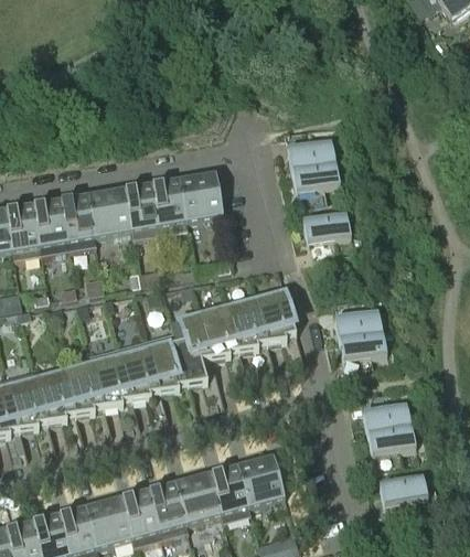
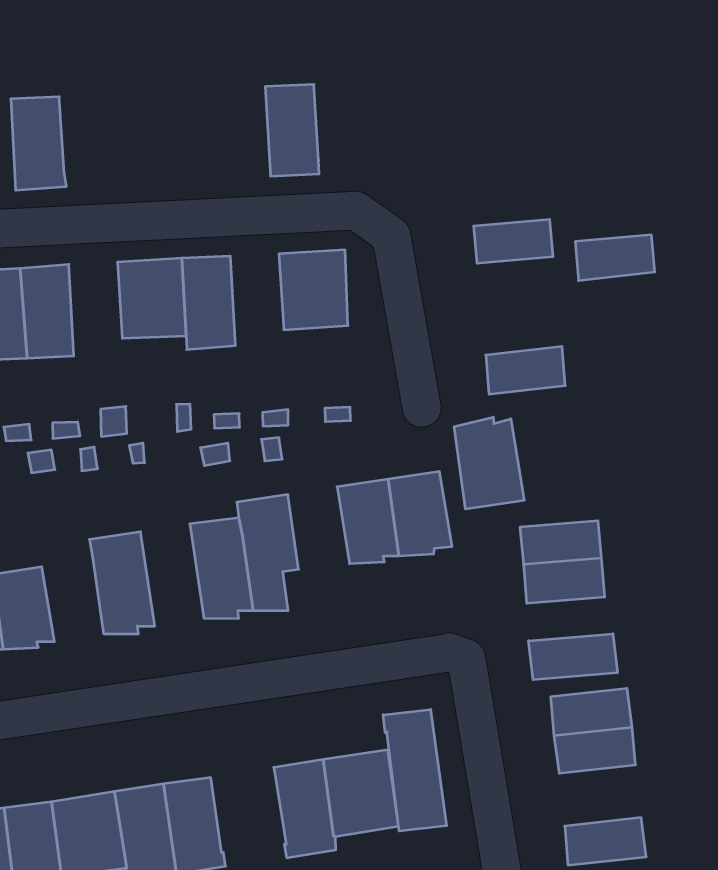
building: [291,160,339,191] -> [575,235,655,281]
building: [150,176,186,232] -> [265,84,319,176]
building: [58,192,96,248] -> [11,97,66,190]
building: none -> [454,417,524,509]
building: [199,306,238,355] -> none
building: [117,336,159,397] -> none
building: [63,363,103,413] -> none
building: none -> [529,634,617,680]
building: none -> [383,709,447,831]
building: [173,470,221,522] -> none

